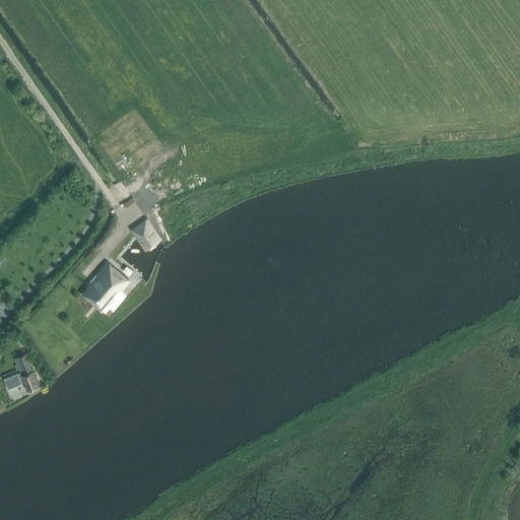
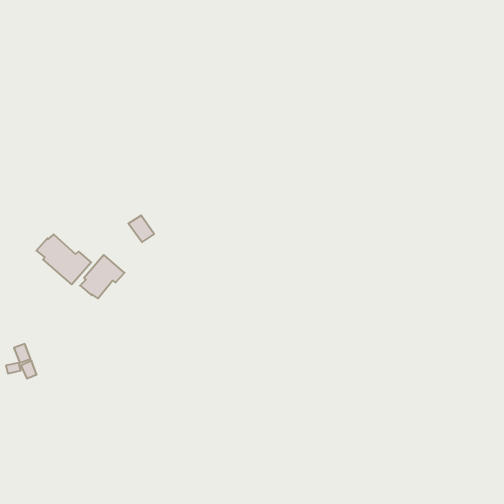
building: none -> [36,234,91,284]

